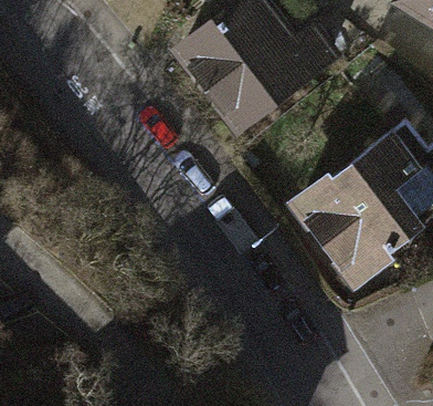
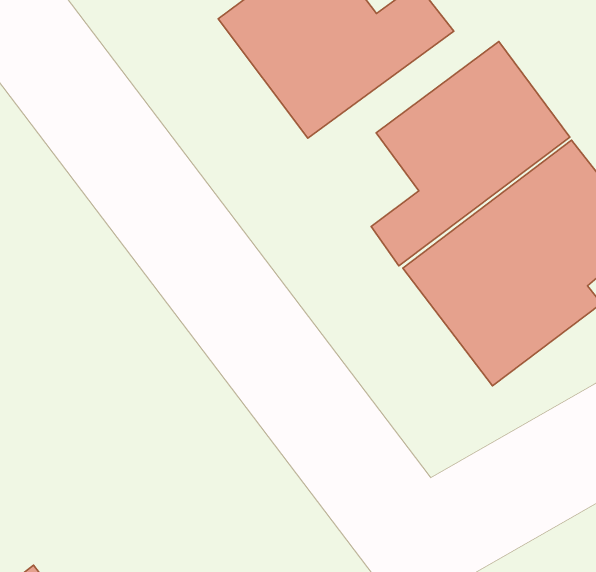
building: none -> [371,41,570,266]

